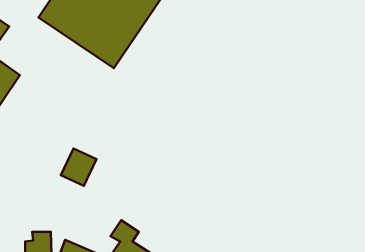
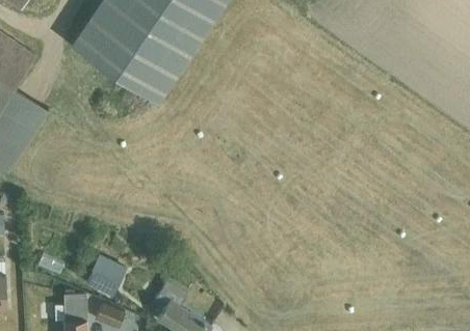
building: [61,149,96,186] -> [84,256,126,300]

